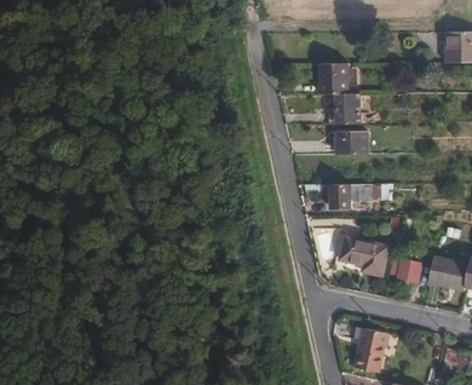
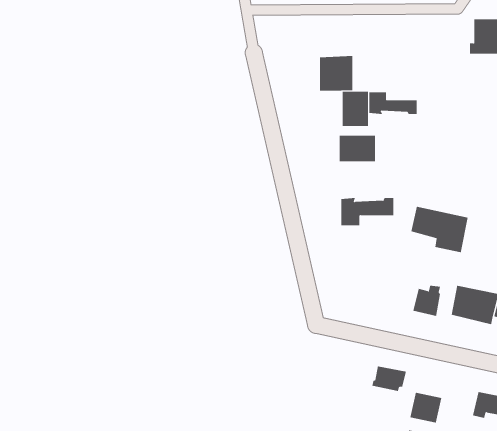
building: none -> [369,91,417,115]
building: [339,235,388,275] -> [410,206,468,253]
building: [355,344,382,370] -> [410,392,442,423]

